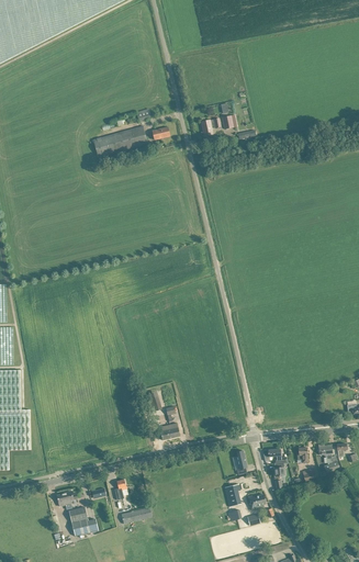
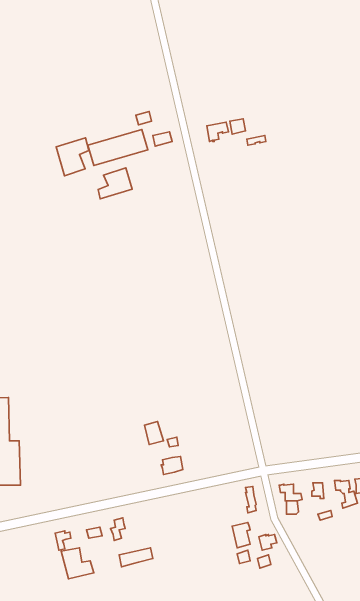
building: none -> [56,138,89,176]
building: none -> [98,168,132,199]

